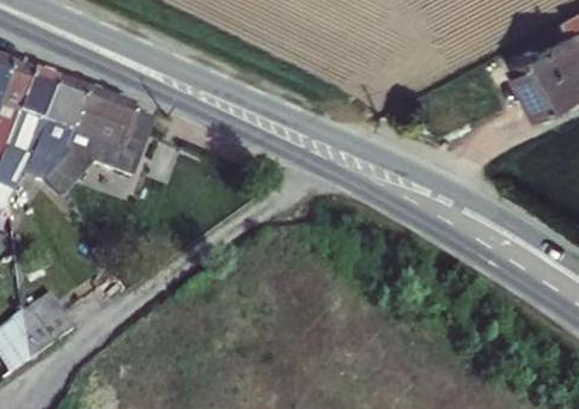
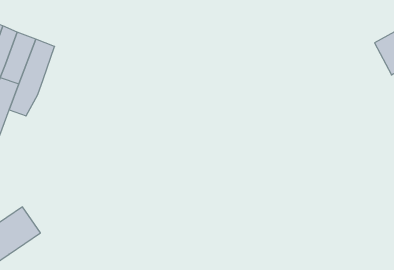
building: [43,84,148,194] -> none

